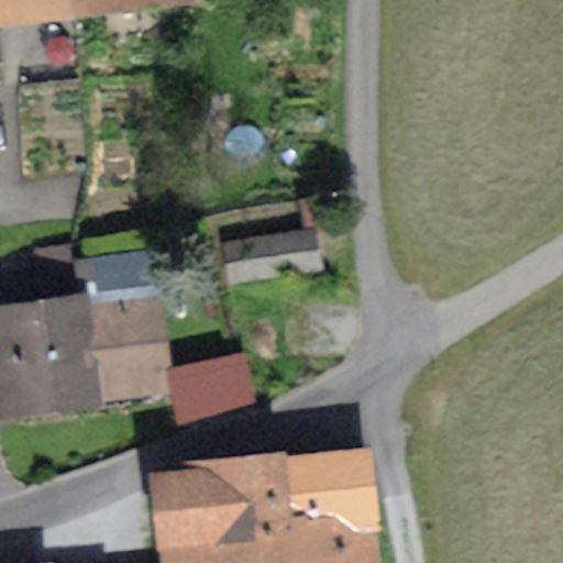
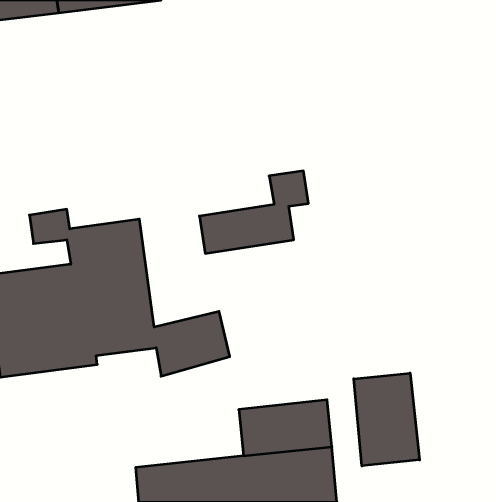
building: none -> [354,373,420,466]
building: [146,459,273,523] -> none

